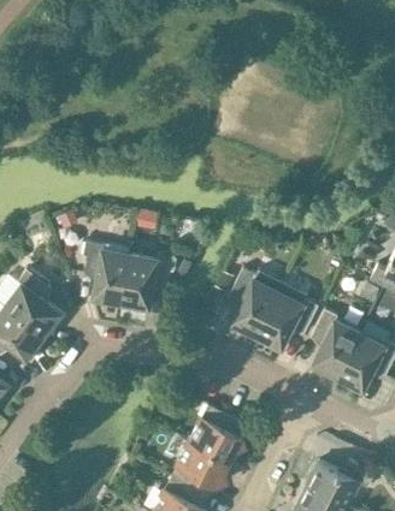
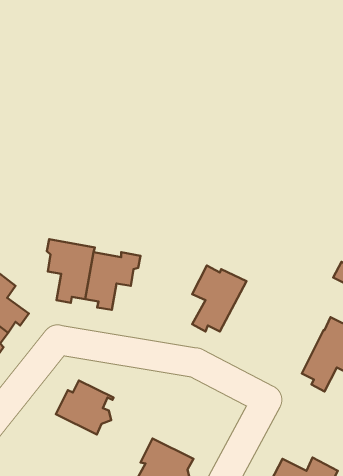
building: [255,285,317,353] -> none
building: [309,311,359,378] -> none
building: [188,409,246,463] -> [56,381,114,435]

